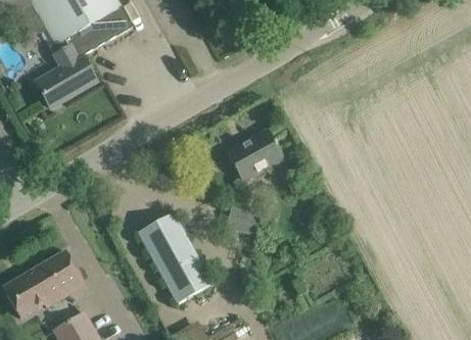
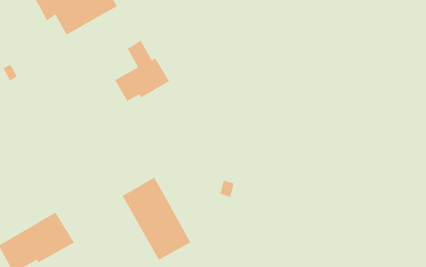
building: [35,36,95,106] -> [115,40,170,105]
building: [226,129,282,180] -> none

